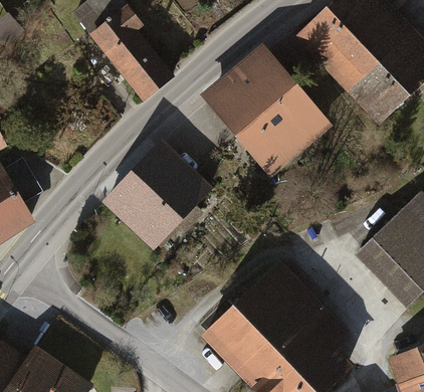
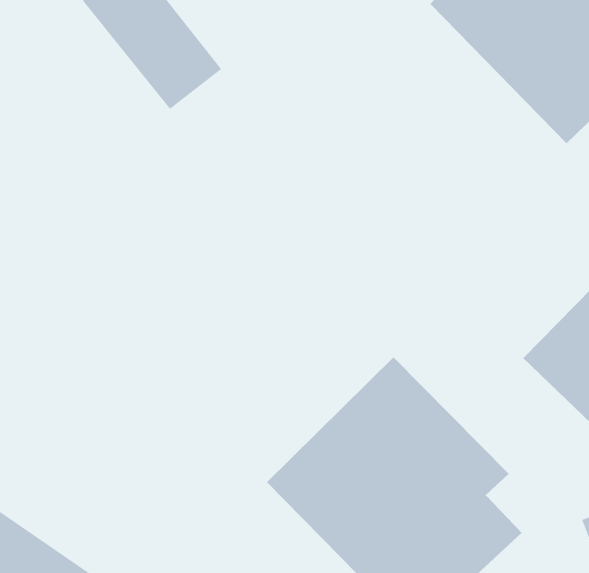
building: [203,45,337,182] -> none
building: [100,140,213,252] -> none

